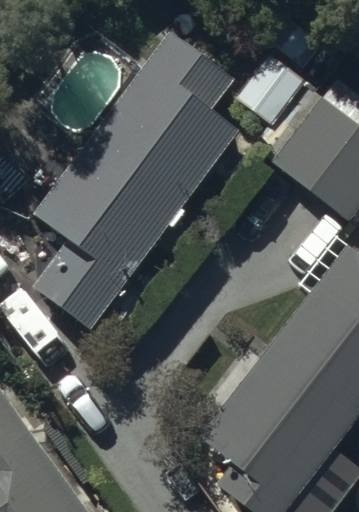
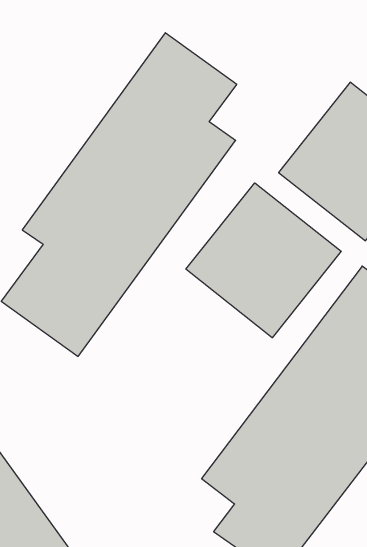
building: none -> [186,183,341,338]

